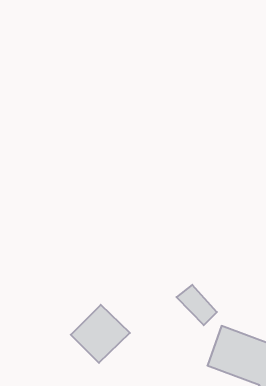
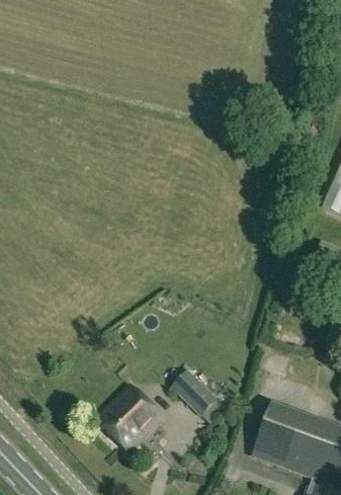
building: [176,285,217,325] -> [169,367,216,414]

